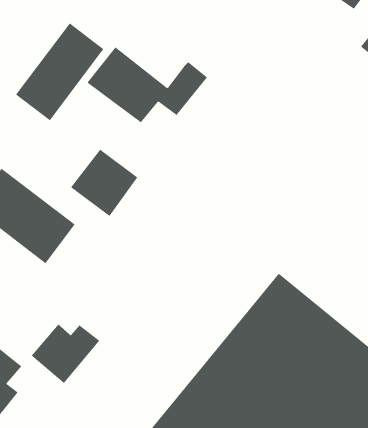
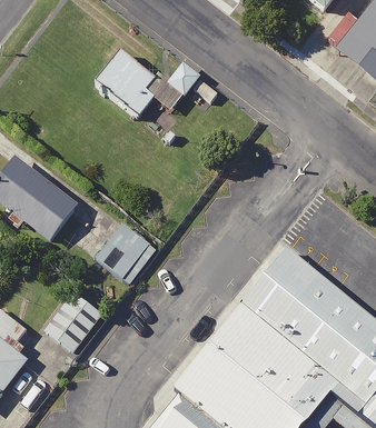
building: [15,22,104,121] -> none
building: [70,149,138,217] -> [99,218,160,279]

